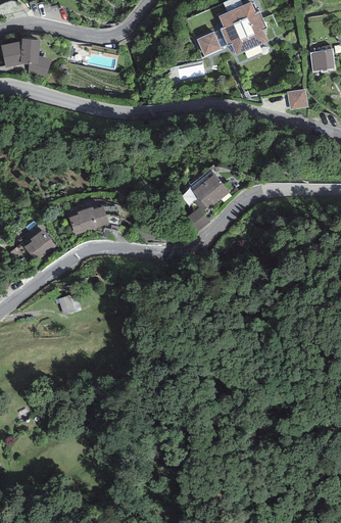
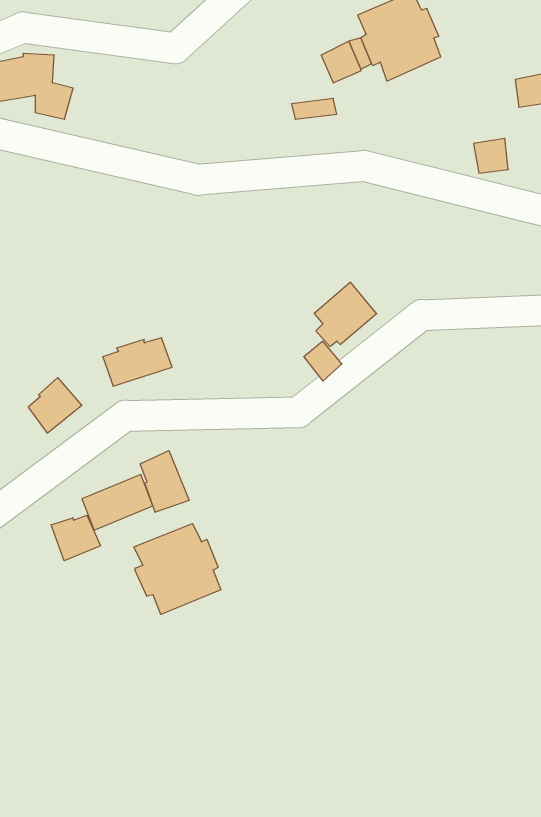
building: none -> [140,451,189,512]
building: none -> [51,515,101,561]
building: none -> [134,524,221,614]

